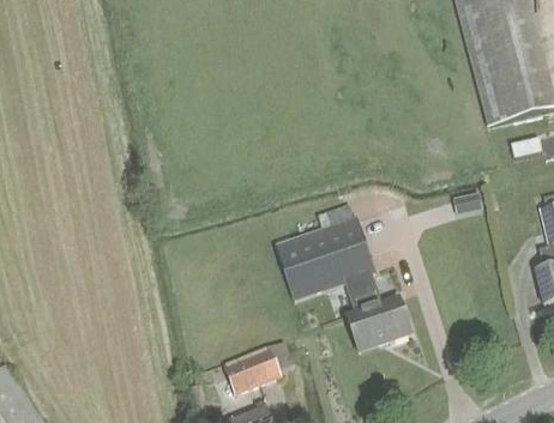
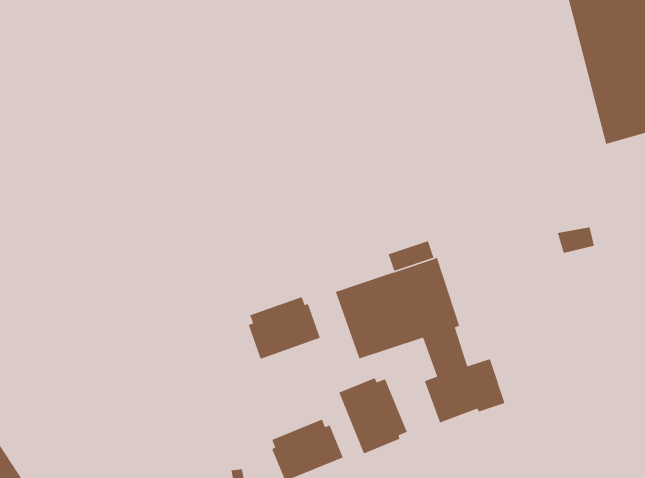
building: none -> [248,296,321,360]
building: none -> [338,377,408,454]

